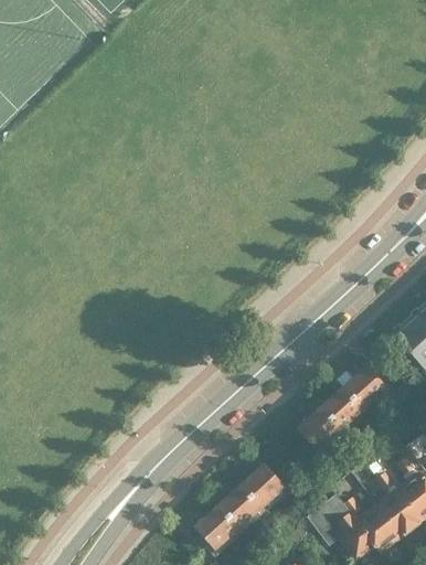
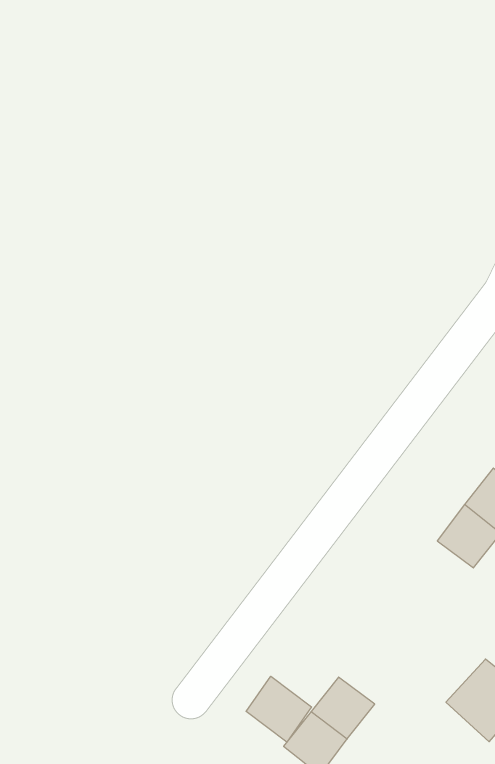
building: [296,407,340,450] -> none
building: [238,466,283,509] -> none
building: none -> [246,676,312,742]

